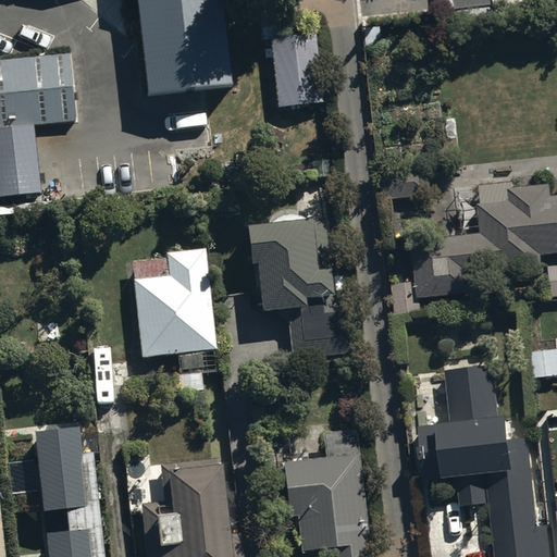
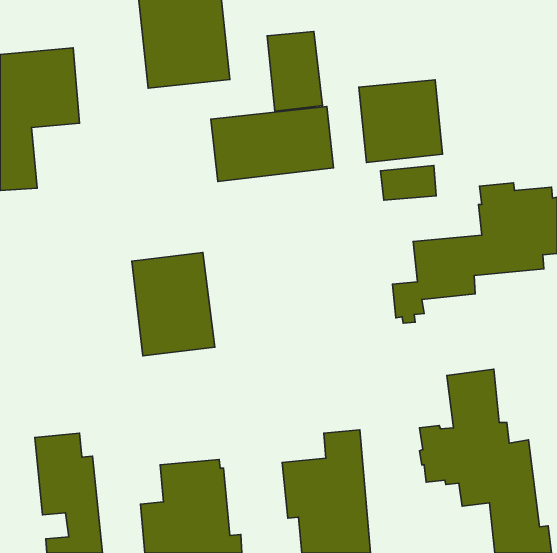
building: none -> [359,80,443,163]
building: none -> [211,106,334,181]
building: [244,213,354,355] -> none

